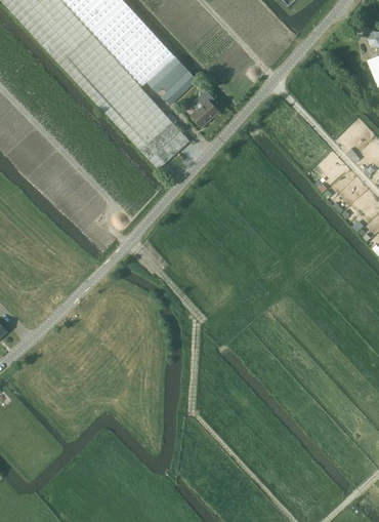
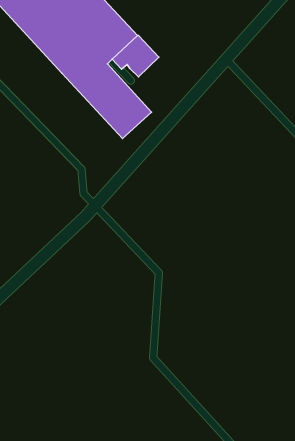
building: [191,89,221,126] -> none

